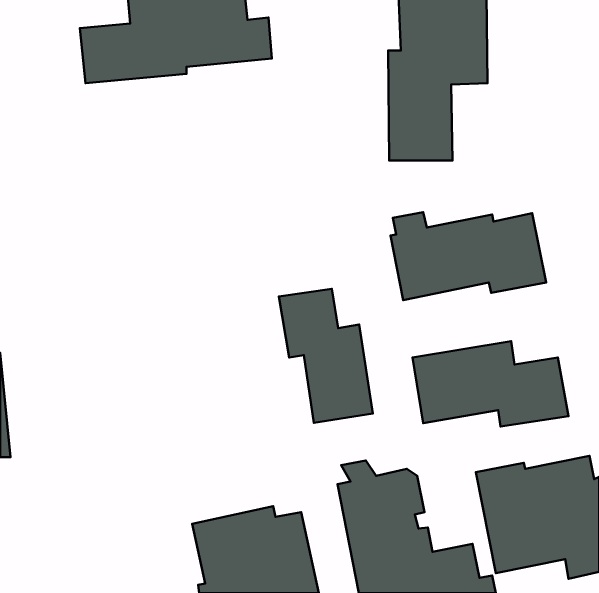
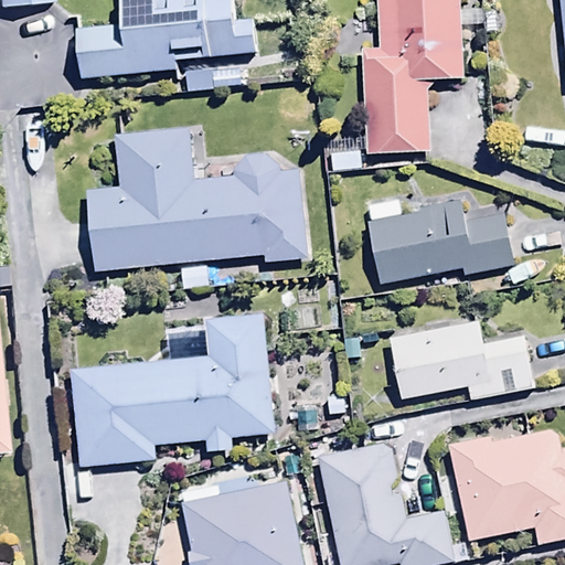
building: none -> [85,129,307,273]
building: [279,289,373,423] -> none
building: none -> [70,316,274,468]

